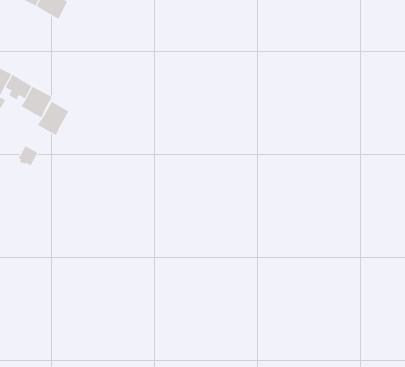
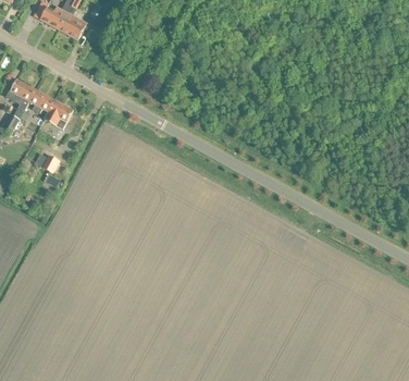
building: [37,101,69,136] -> none

